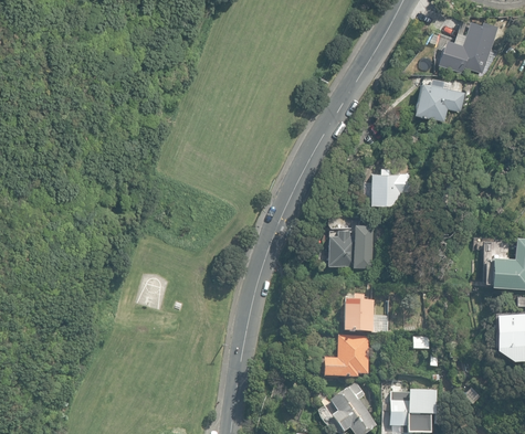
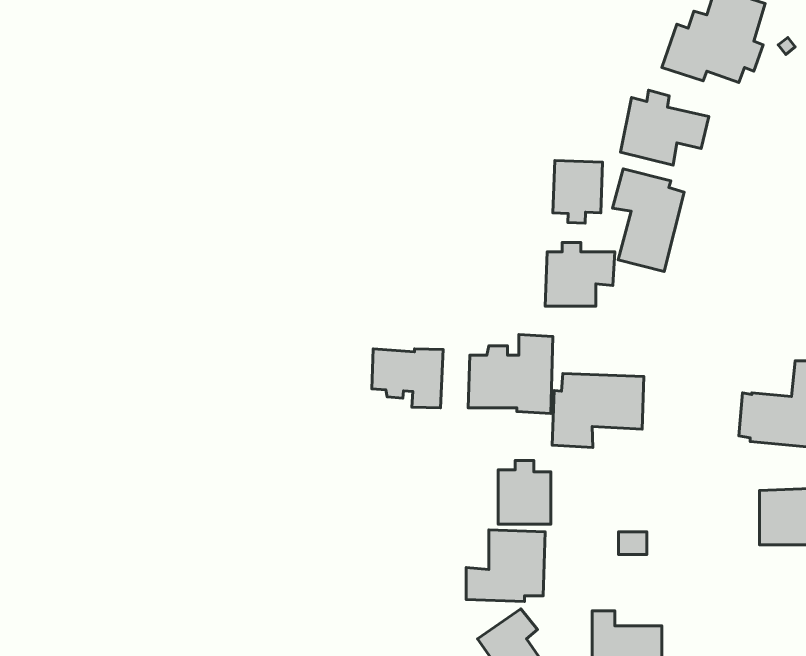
building: none -> [553,160,603,223]
building: none -> [612,169,684,271]
building: none -> [372,349,443,408]
building: none -> [552,373,644,448]

